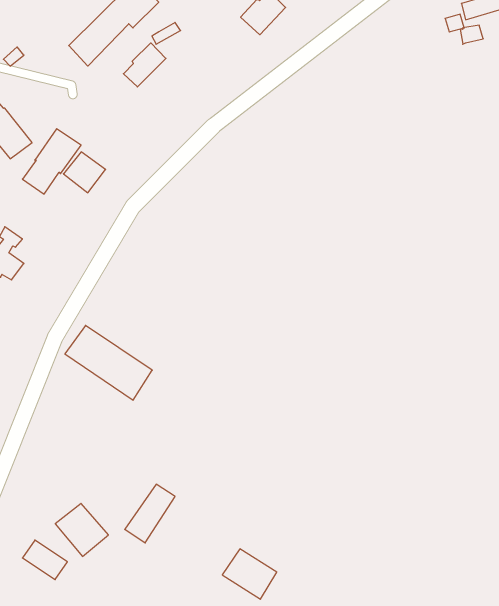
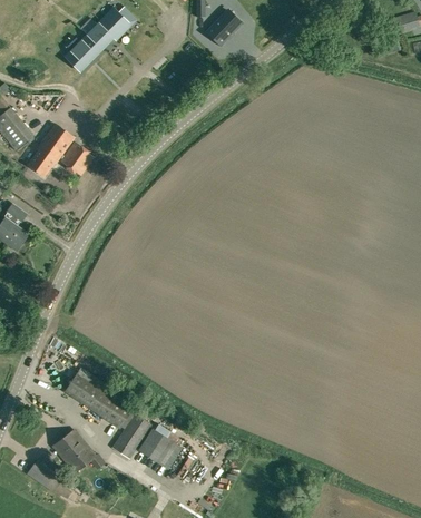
building: [123,43,166,87] -> none
building: [65,325,152,400] -> [63,368,135,429]
building: [222,549,277,599] -> [137,429,182,470]

